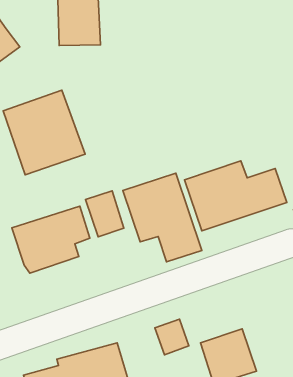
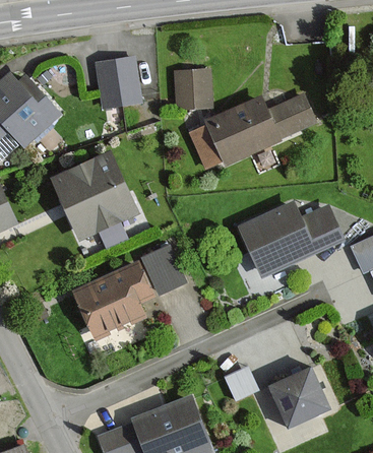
building: none -> [174,68,213,110]
building: none -> [189,91,318,170]
building: [123,173,202,262] -> none

